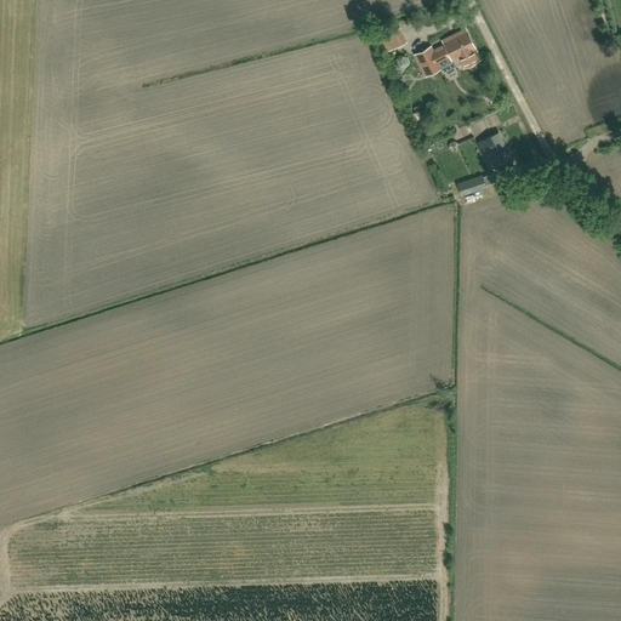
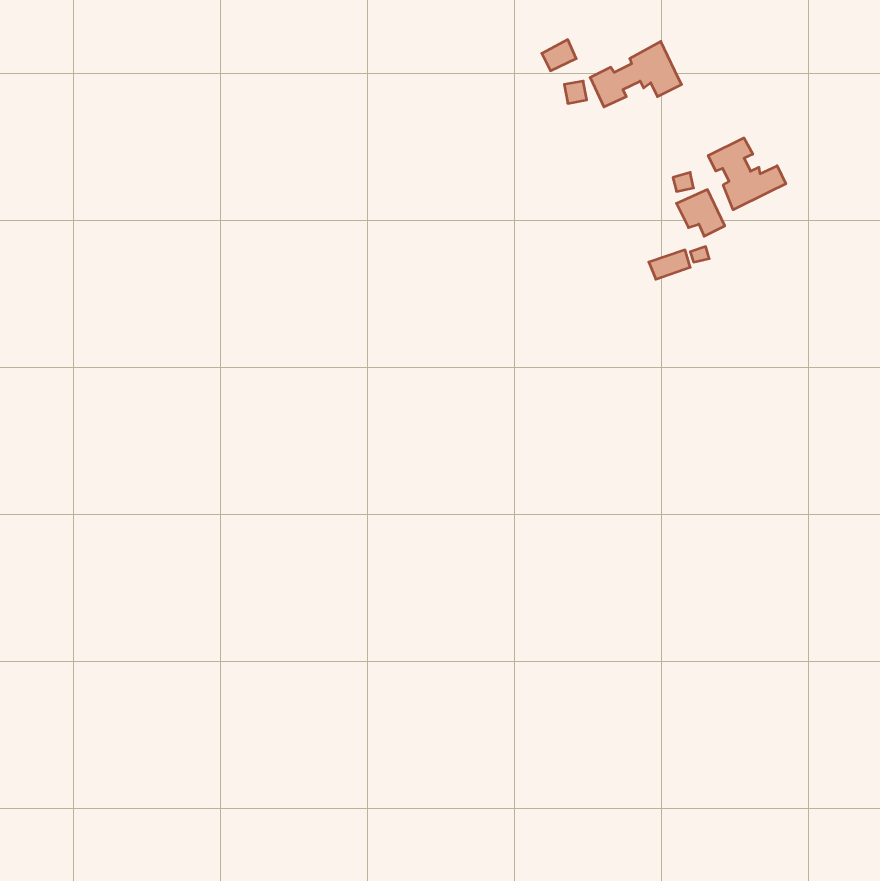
building: none -> [708,138,786,210]

